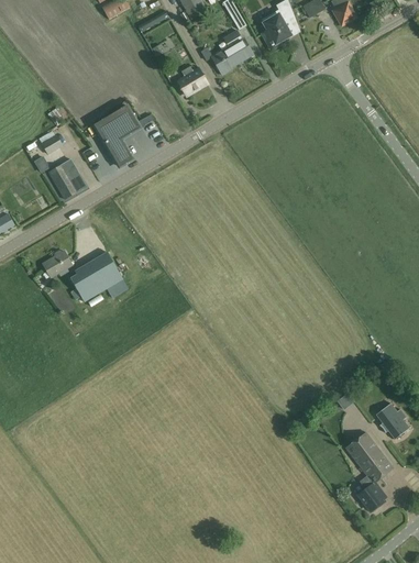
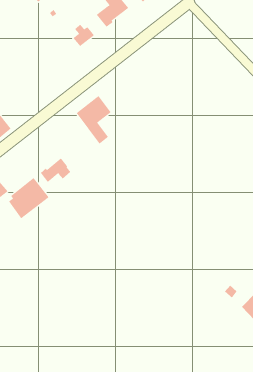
building: [96,104,141,166] -> [76,95,112,144]
building: none -> [40,158,71,183]

